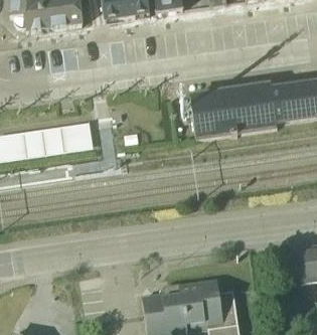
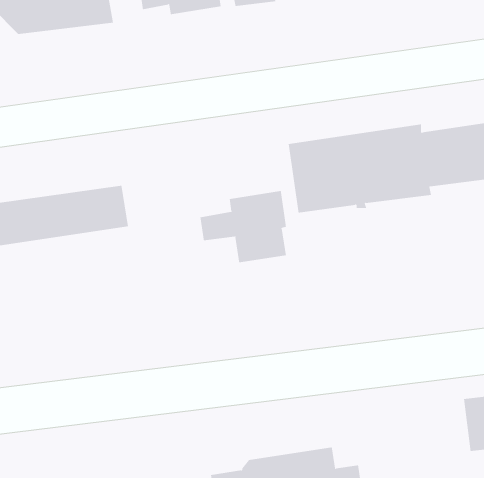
building: none -> [200,190,286,263]

